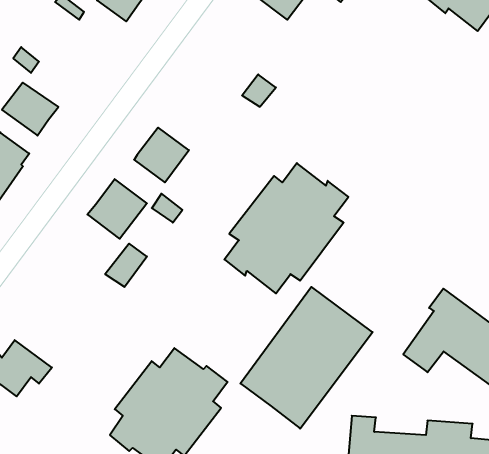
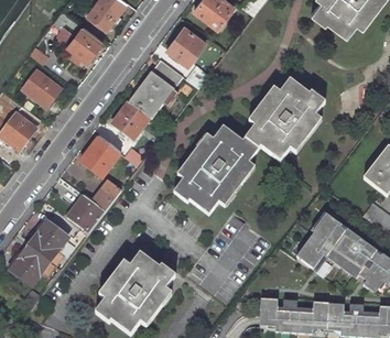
building: none -> [68,25,102,61]
building: none -> [166,25,206,65]
building: none -> [129,59,183,118]
building: none -> [245,78,325,161]
building: none -> [67,194,106,232]
building: none -> [31,221,68,265]

